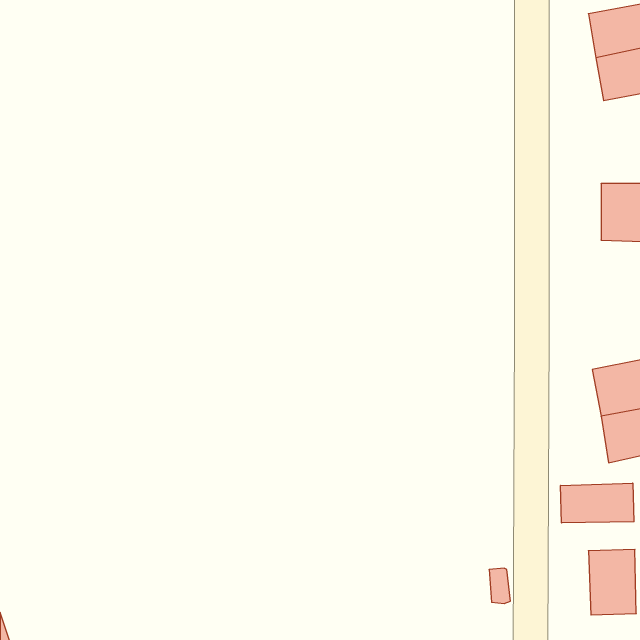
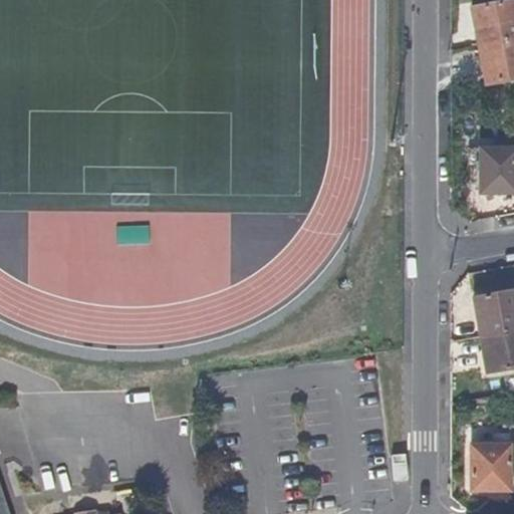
building: [561,483,634,523] -> none

